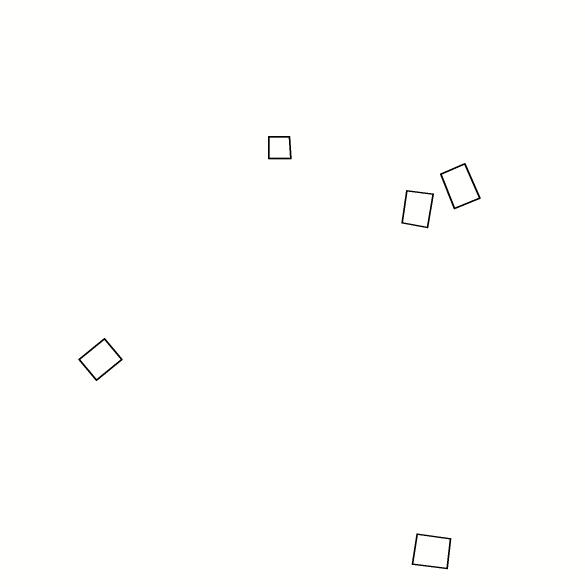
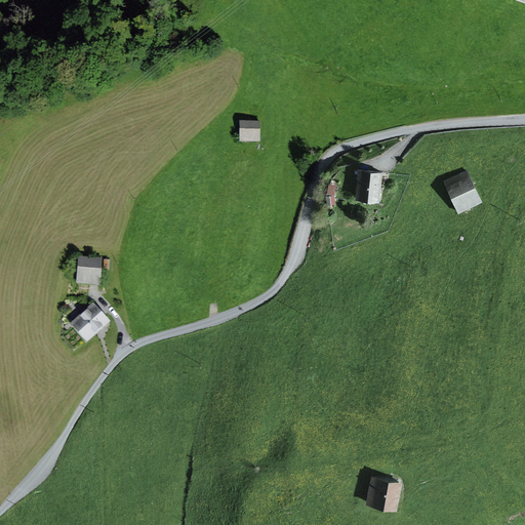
building: [441,164,480,209] -> [445,172,480,212]
building: none -> [76,259,100,285]

